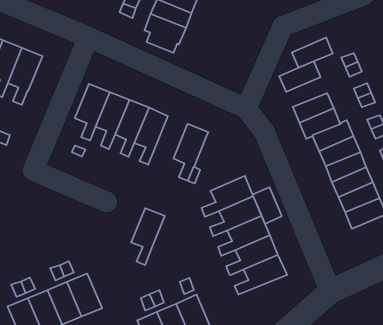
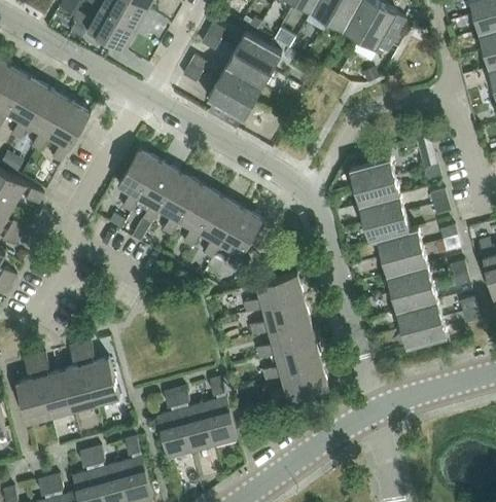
building: [292,38,333,67] -> [354,176,399,205]
building: [253,187,282,224] -> none
building: [131,208,165,265] -> [200,196,241,259]

